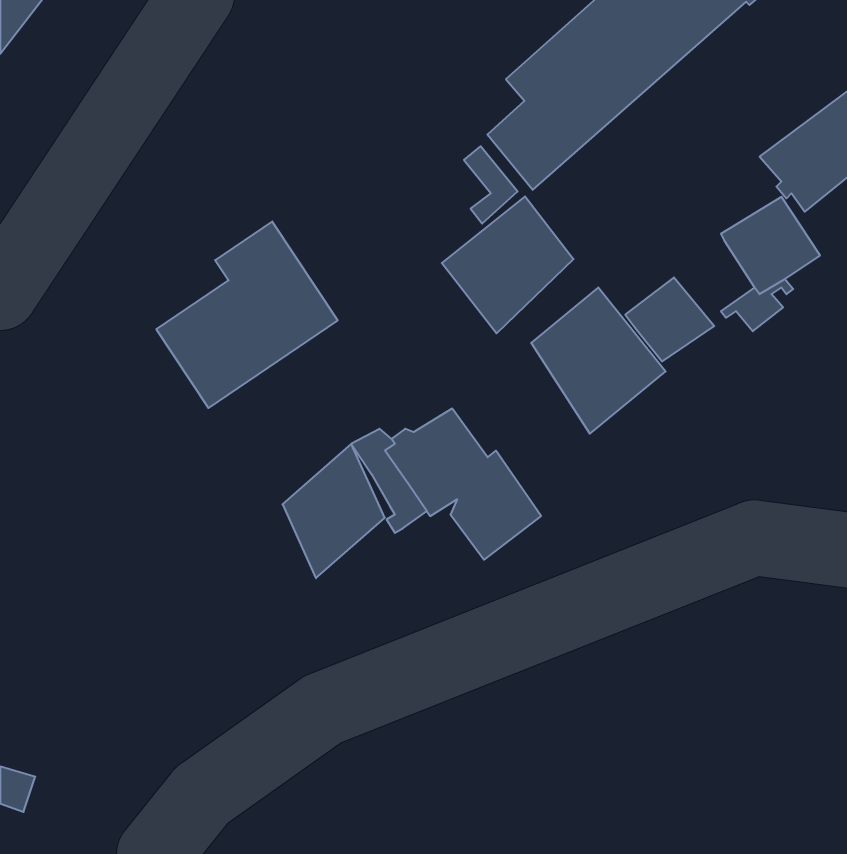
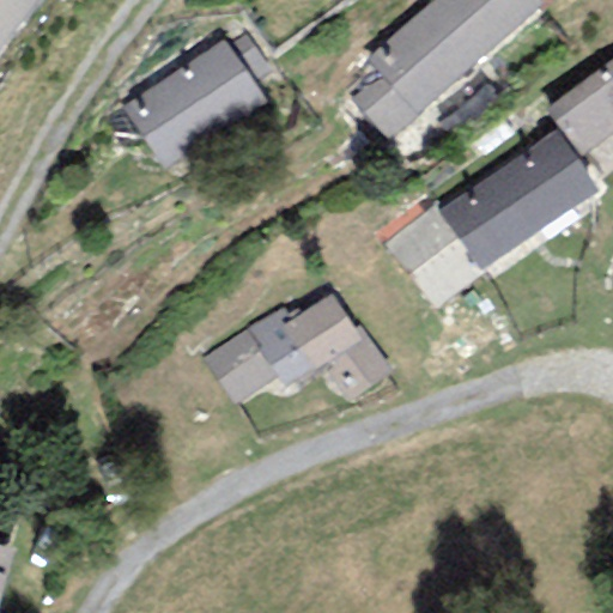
building: [442,196,574,333] -> none
building: [156,221,338,408] -> [131,29,260,162]

